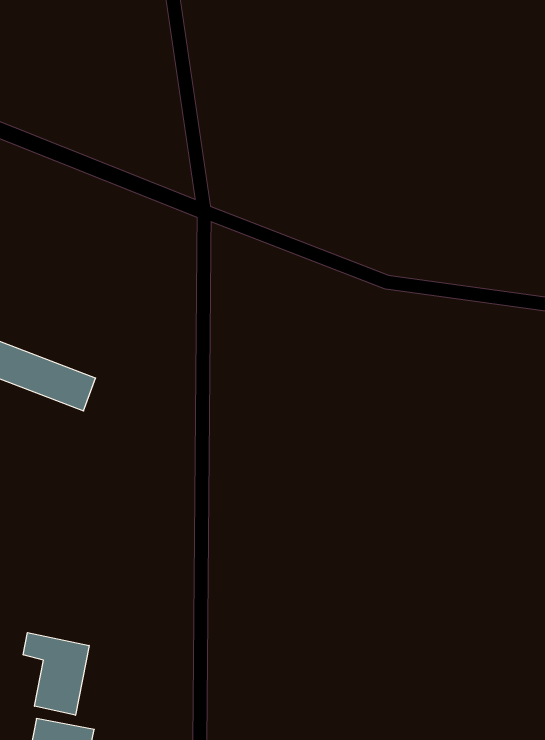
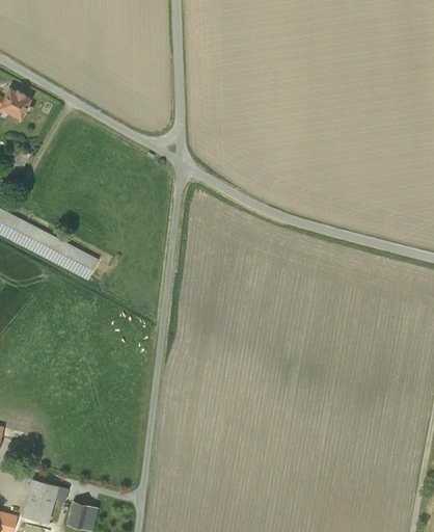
building: [23,633,89,715] -> none

